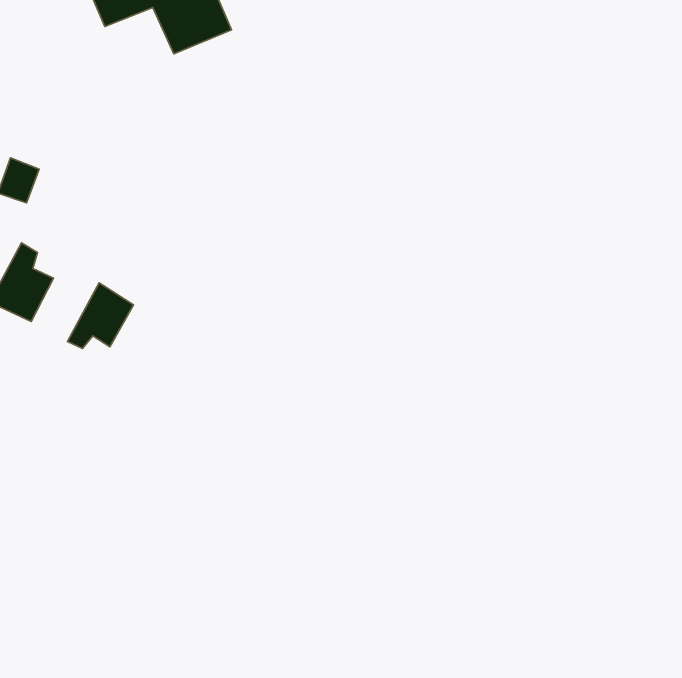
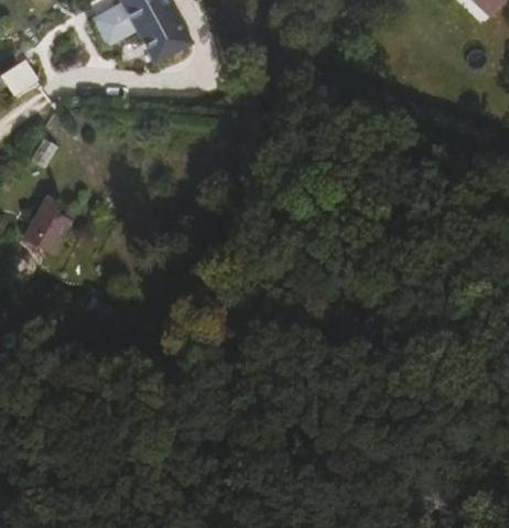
building: [67,283,133,349] -> none

